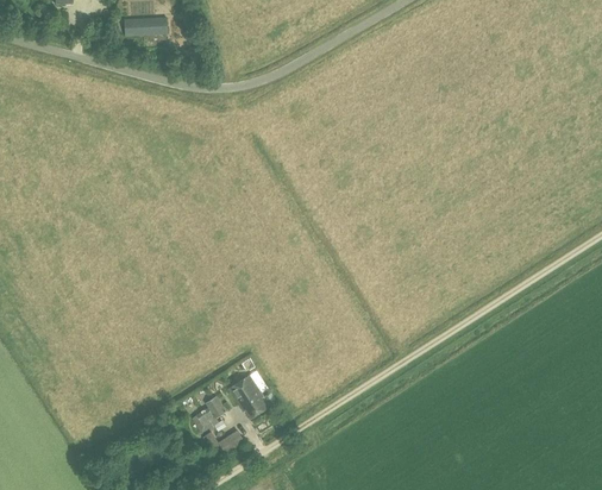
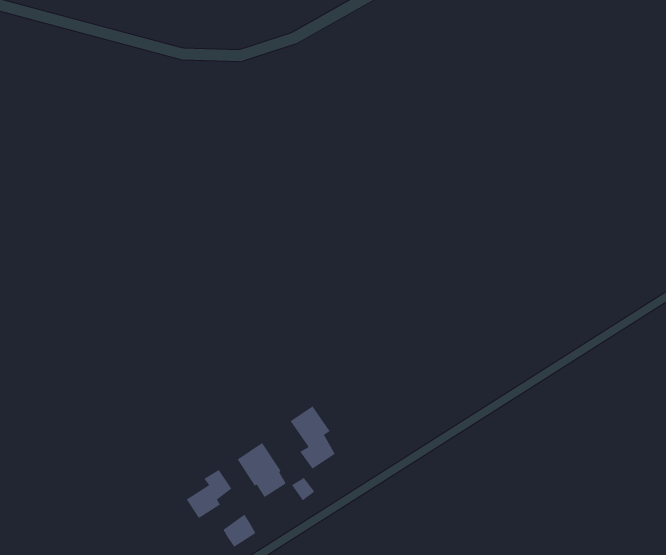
building: none -> [290,406,335,469]

